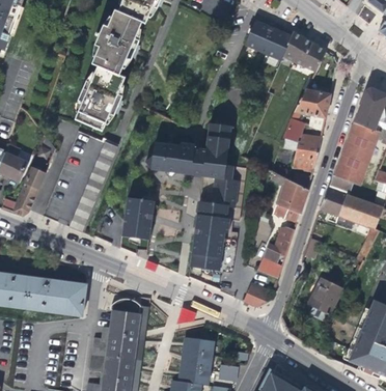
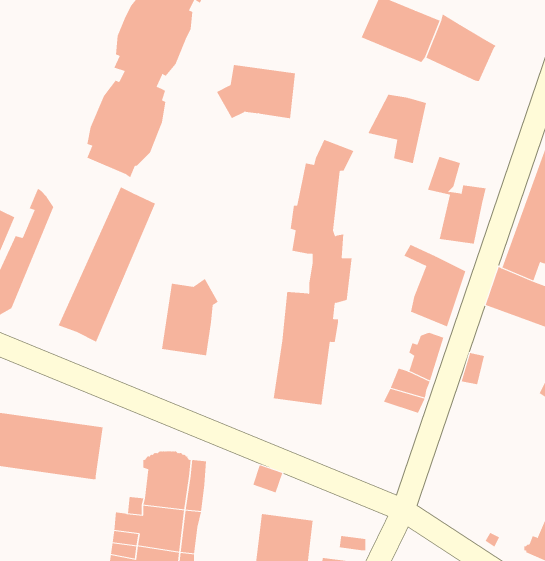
building: [294,88,330,131] -> [368,94,427,164]
building: [144,142,193,175] -> [216,65,296,119]
building: [308,278,342,313] -> none
building: [243,282,275,307] -> none

